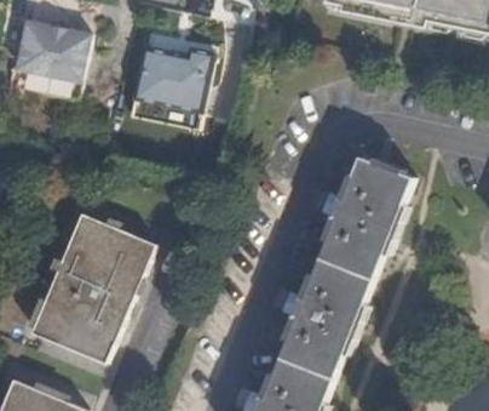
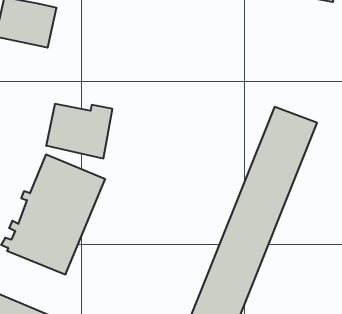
building: [134,48,215,115] -> [46,104,112,158]

